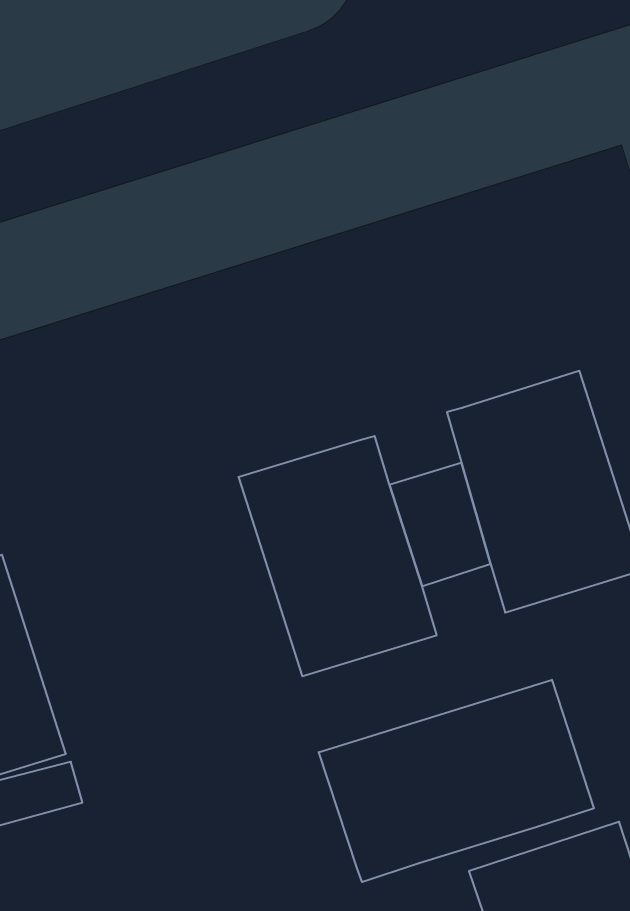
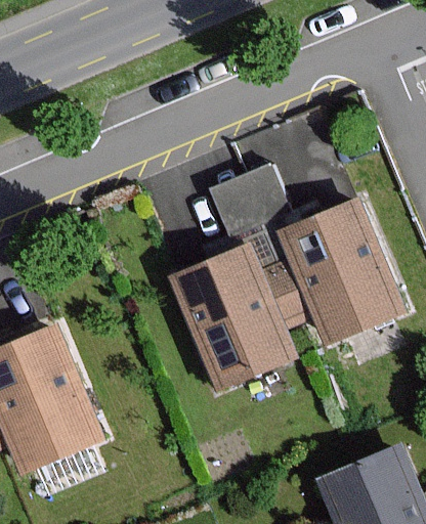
building: none -> [216,168,297,273]
building: [319,680,594,882] -> none

